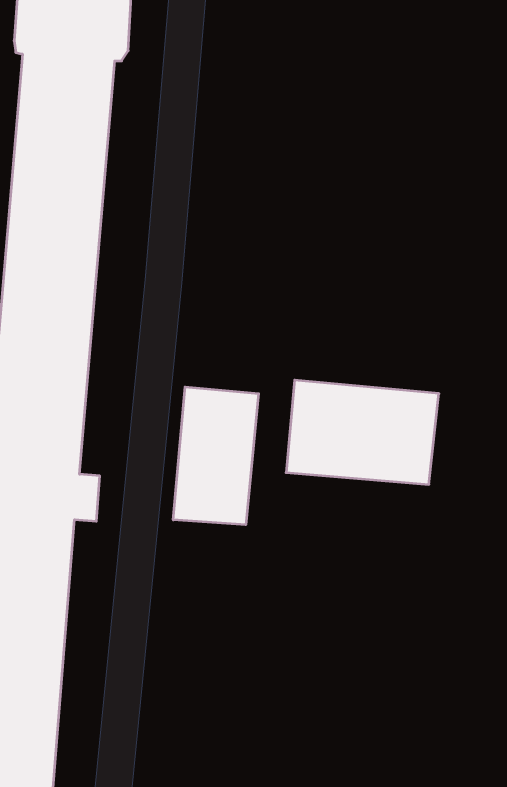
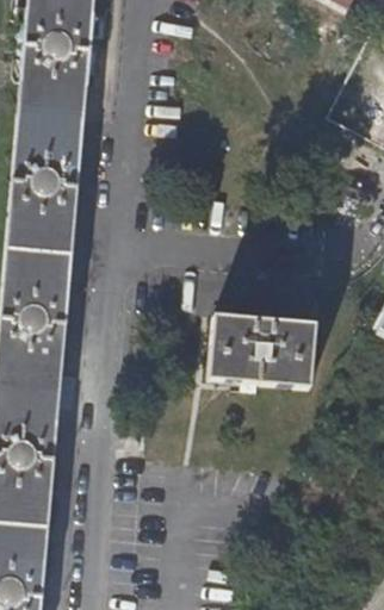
building: [173,387,259,525] -> none

